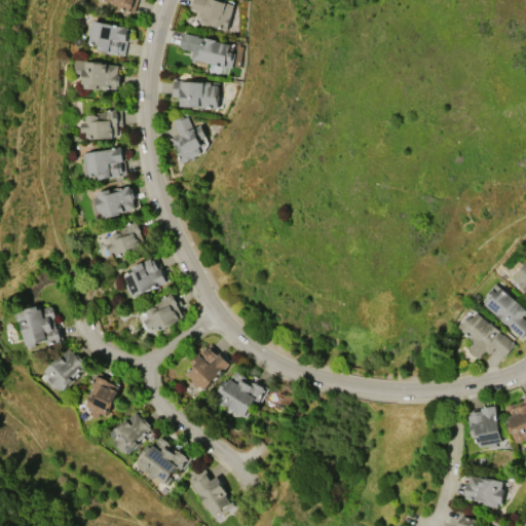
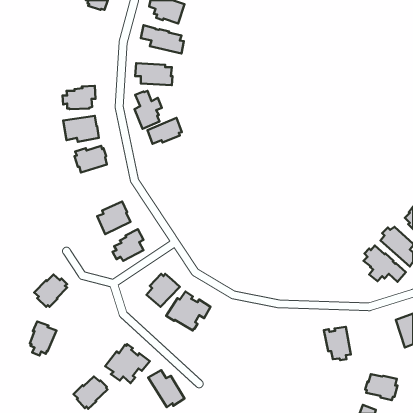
building: [85,22,128,57] -> none
building: [71,60,119,89] -> none
building: none -> [147,118,182,144]
building: [105,220,145,258] -> none
building: [13,306,63,347] -> none
building: [85,376,119,419] -> [30,322,56,356]
building: [466,407,500,449] -> [324,327,351,360]
building: [109,413,152,454] -> [74,376,108,409]

